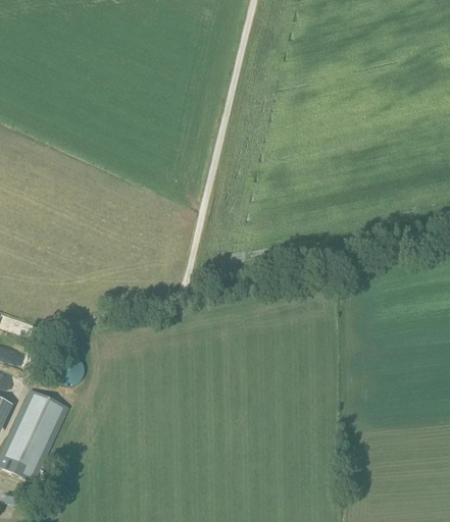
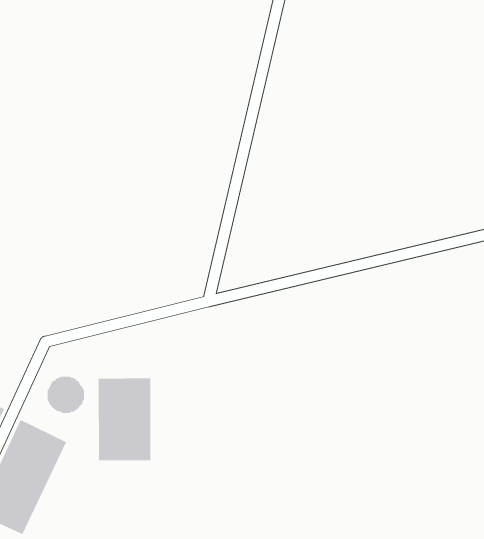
building: none -> [98,377,151,461]

